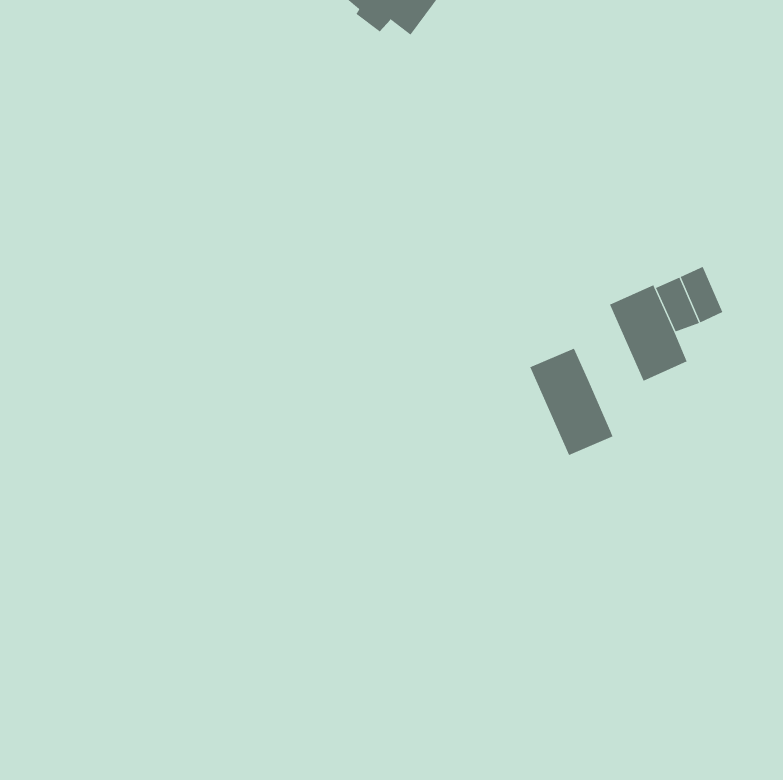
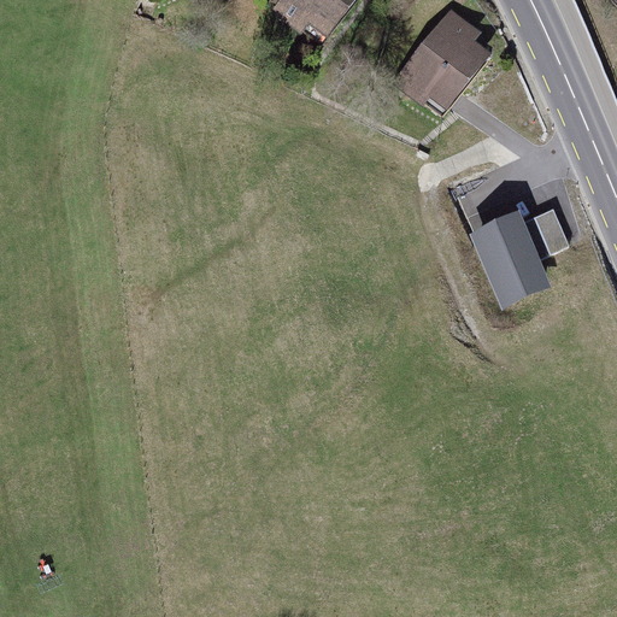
building: none -> [407,18,478,100]
building: [530,348,613,456] -> none

